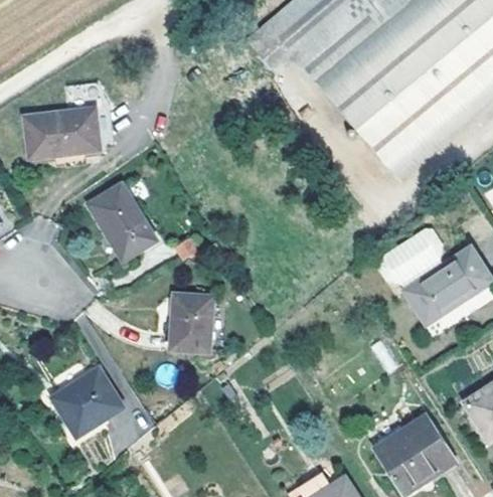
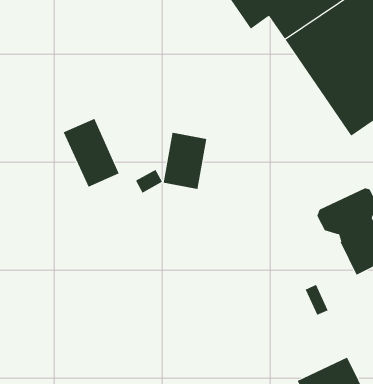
building: [25,109,101,158] -> none
building: [171,293,214,352] -> [163,132,207,190]
building: [53,368,123,437] -> none

